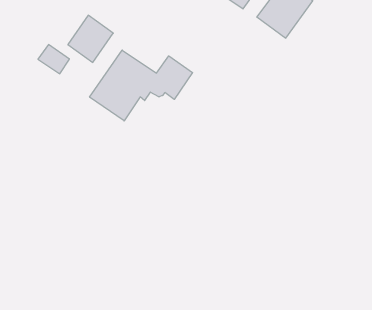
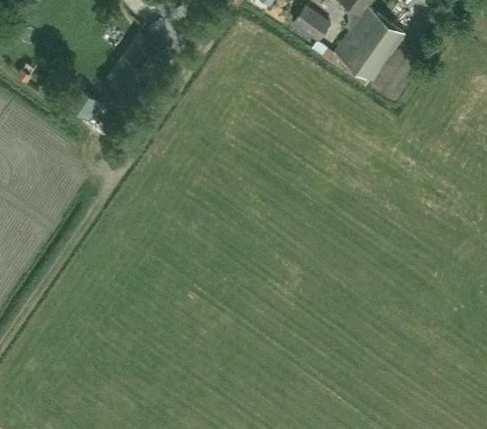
building: [90,50,193,121] -> none

